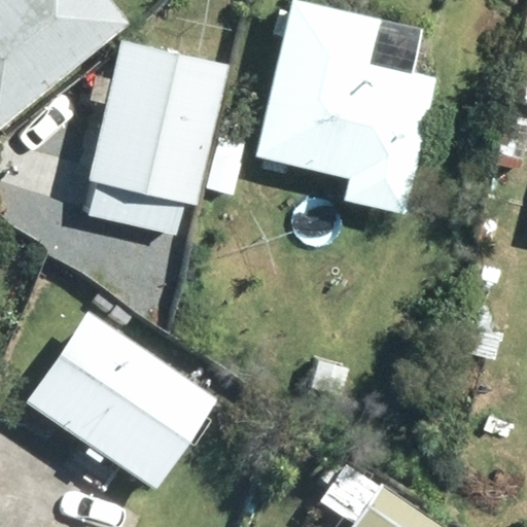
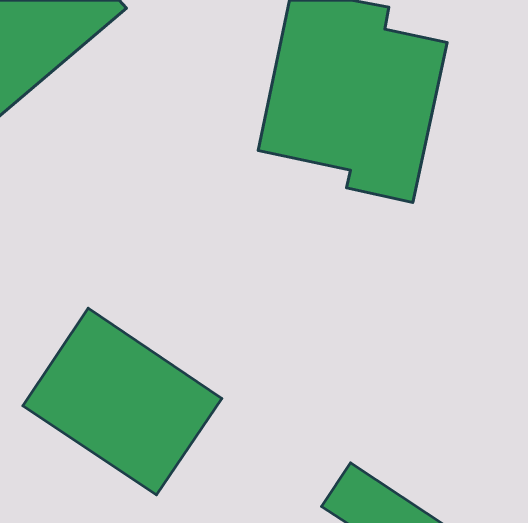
building: [83,34,227,234] -> none

